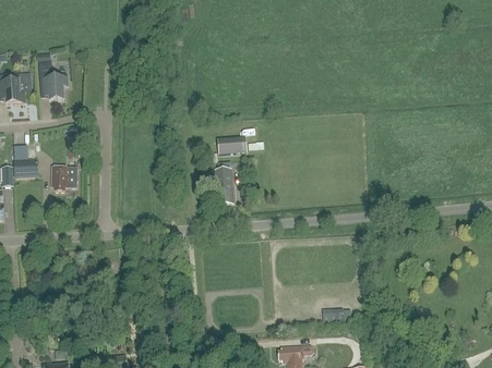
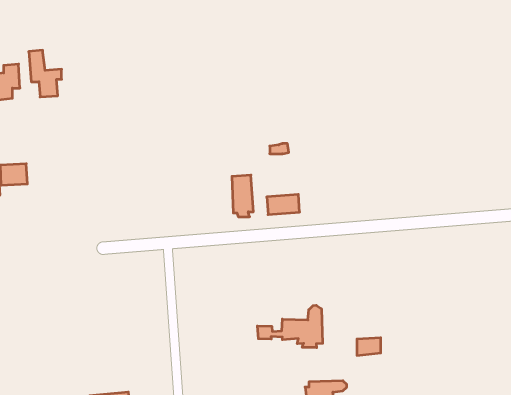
building: [217,137,245,155] -> [267,194,300,215]
building: [52,167,76,191] -> none
building: none -> [257,305,323,348]

